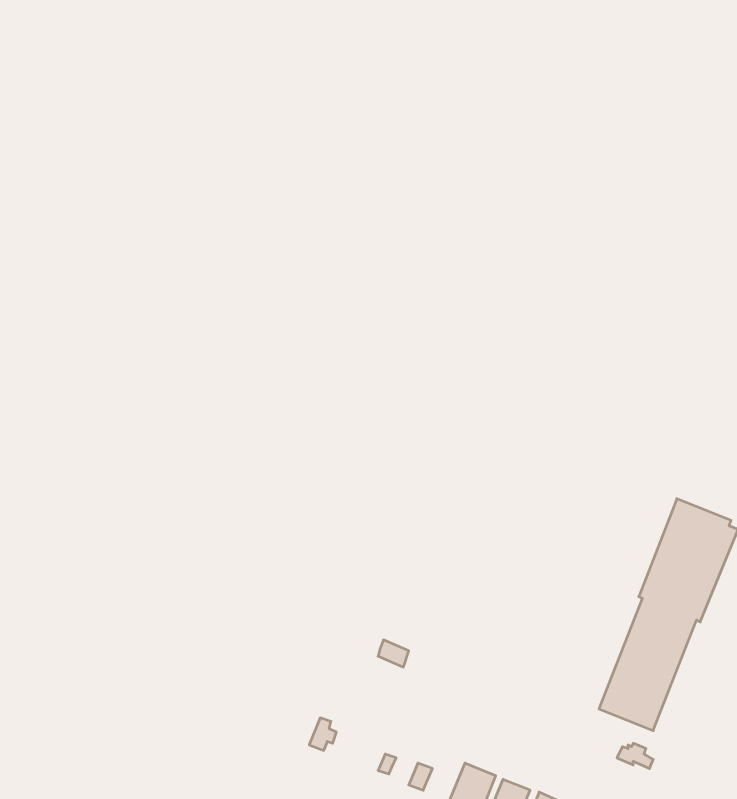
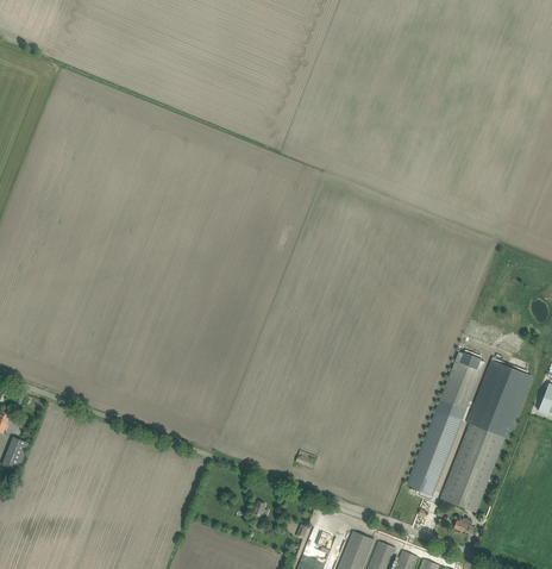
building: none -> [406,354,483,496]

